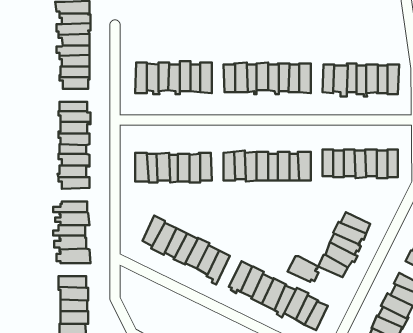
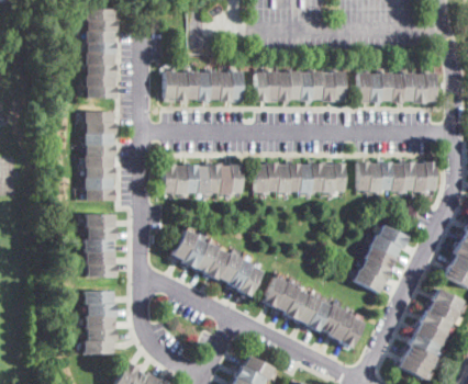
building: [287,256,318,282] -> none

